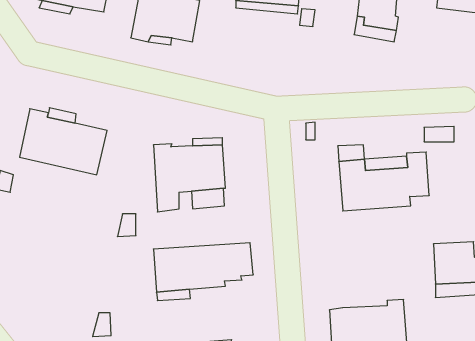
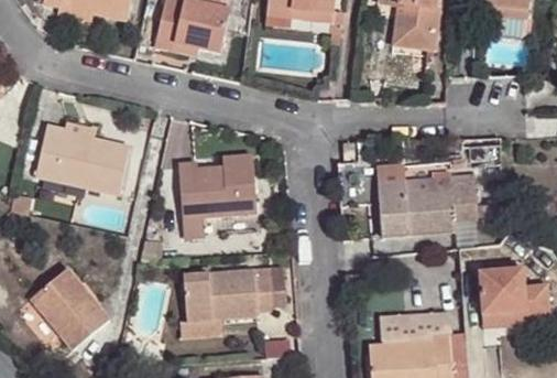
building: none -> [30,268,109,350]
building: none -> [381,306,447,337]

